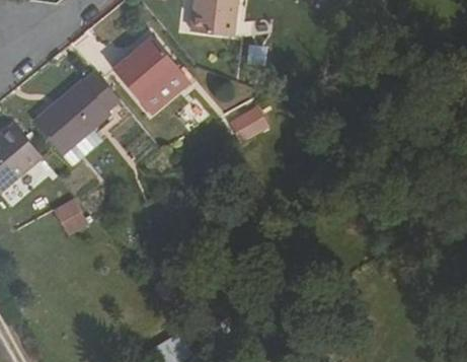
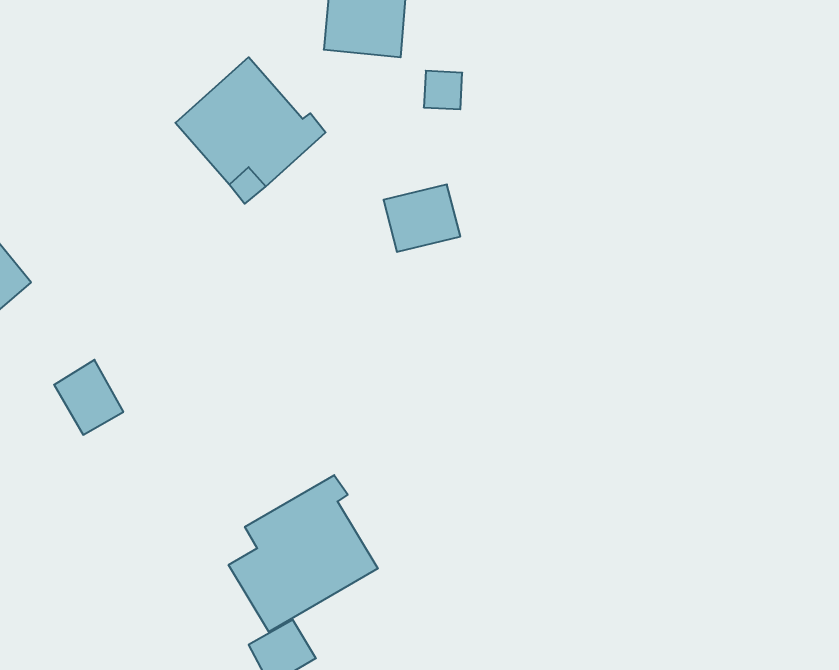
building: [34,73,121,156] -> none
building: none -> [229,475,378,632]

